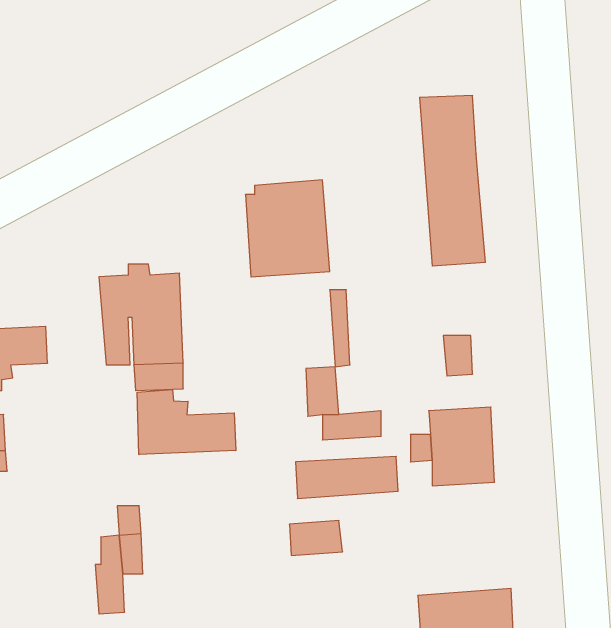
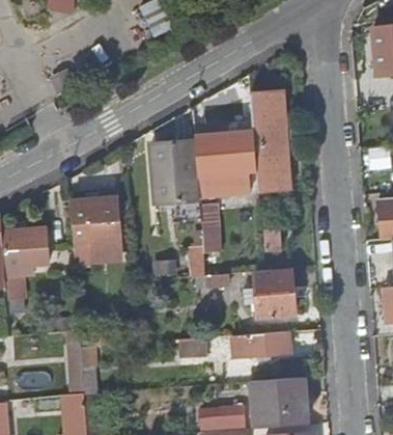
building: none -> [206,135,251,199]
building: [137,389,236,455] -> none
building: [296,456,398,499] -> [234,332,292,356]

